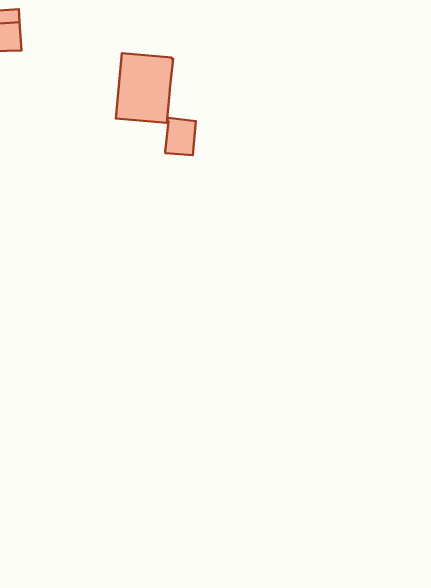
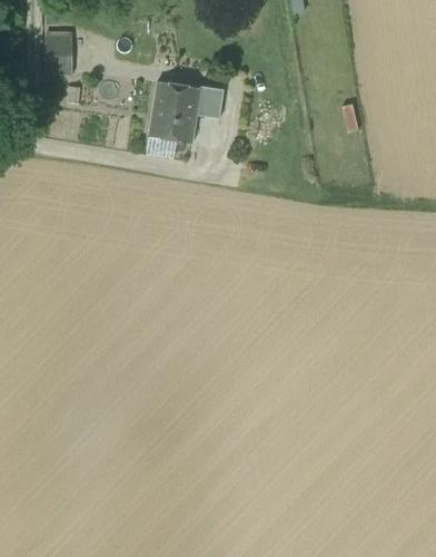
building: [165,118,196,155] -> [196,84,224,117]

